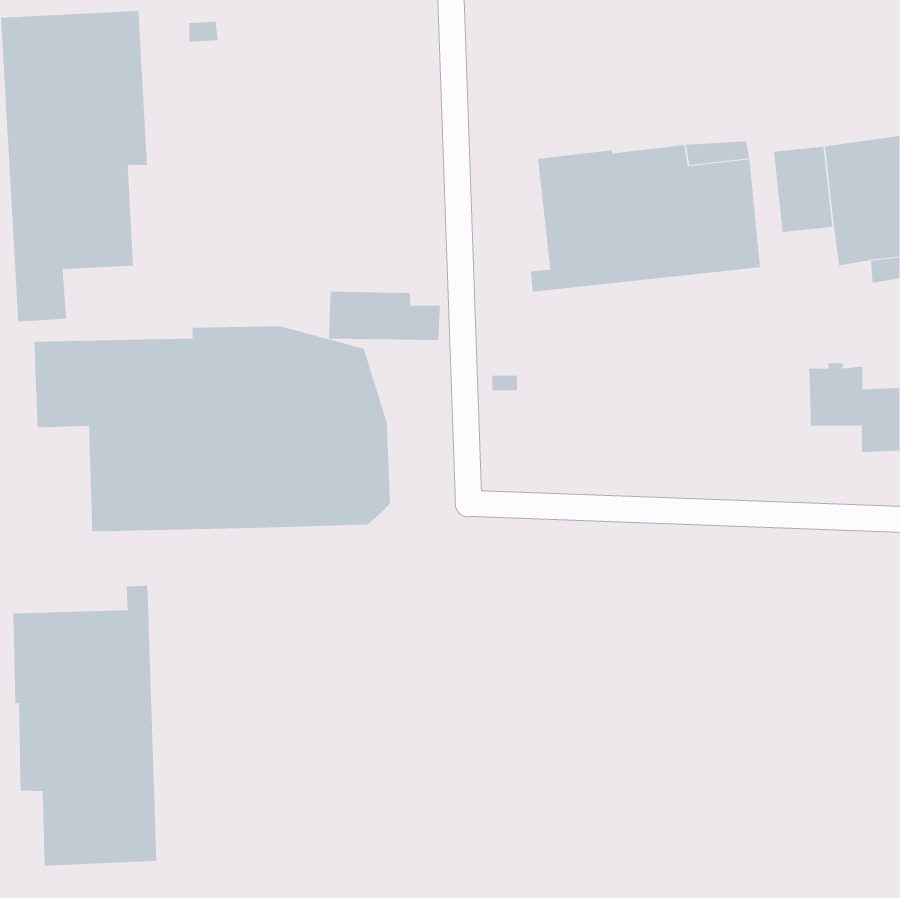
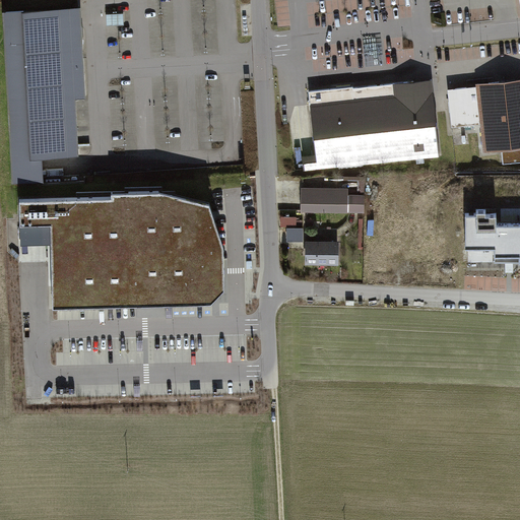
building: [328,291,441,341] -> [300,186,365,214]
building: none -> [304,237,337,265]
building: [13,585,157,866] -> none

